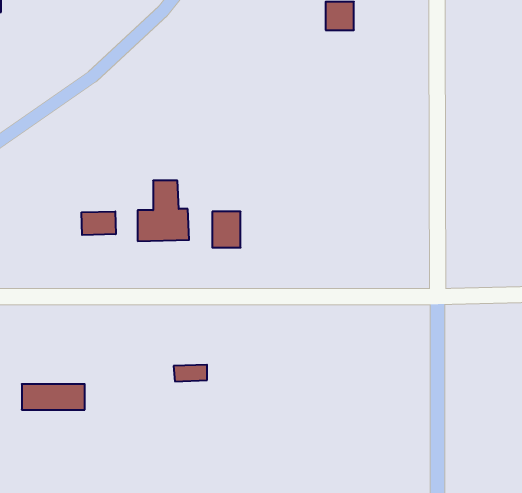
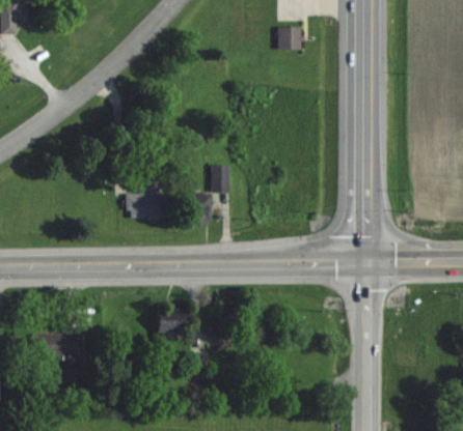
building: none -> [211,166,229,193]
building: [82,211,116,235] -> none

